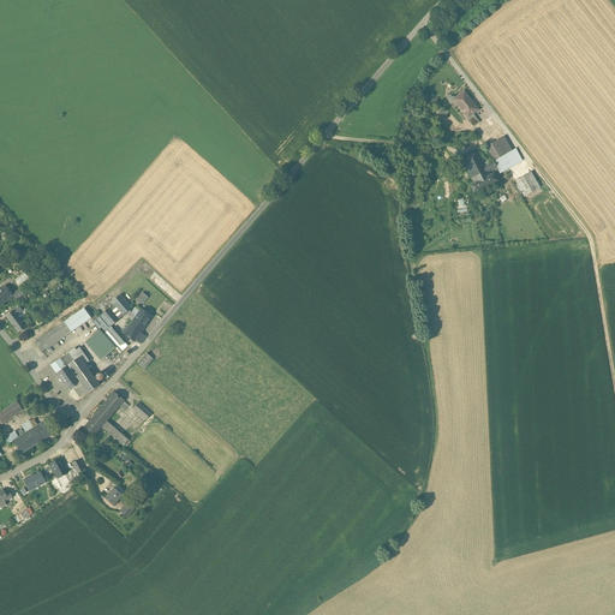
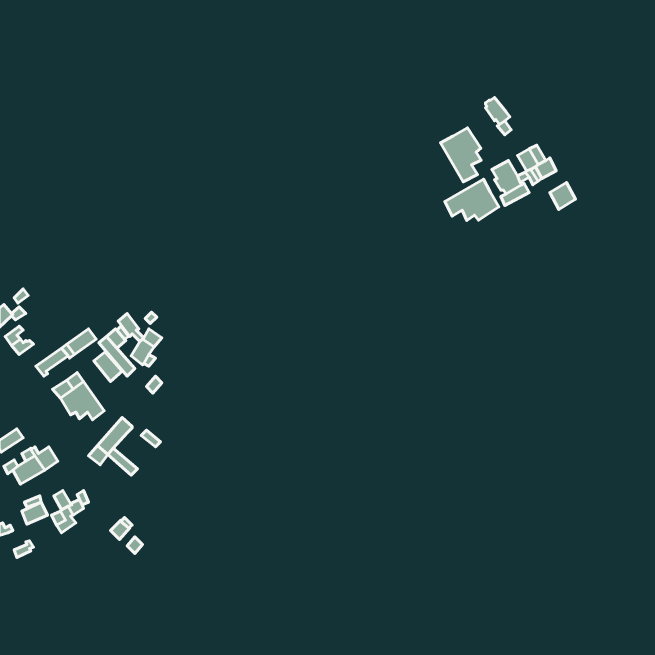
building: none -> [440,128,481,182]
building: none -> [445,179,499,220]

